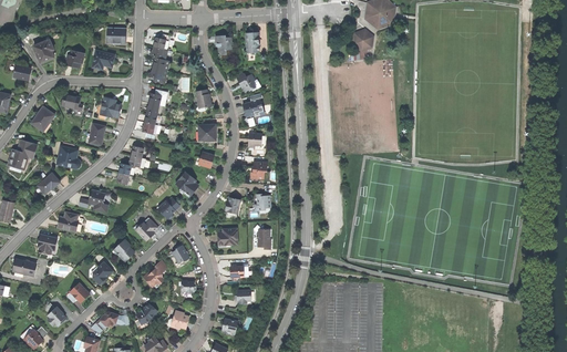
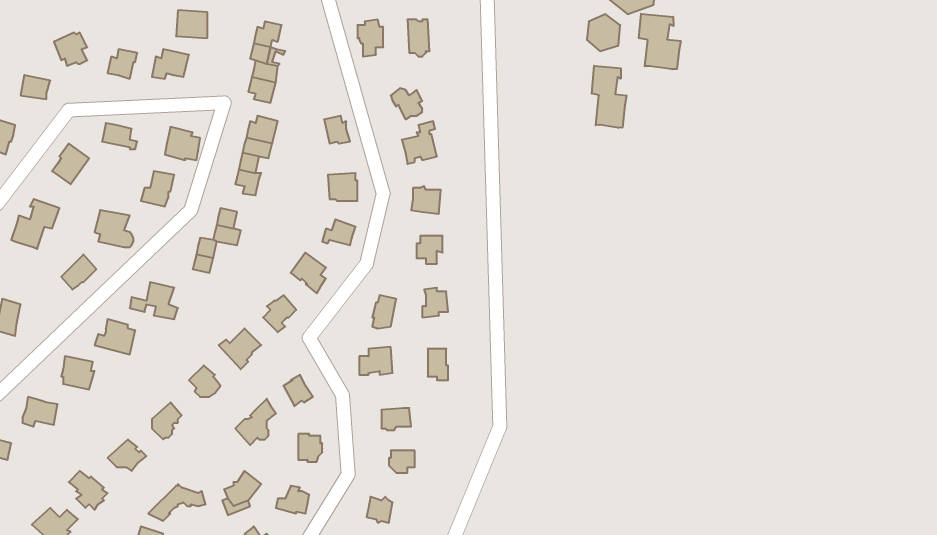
building: none -> [639,14,681,69]
building: none -> [592,66,626,128]

